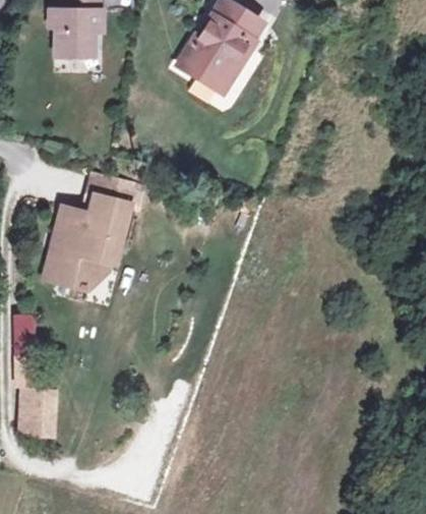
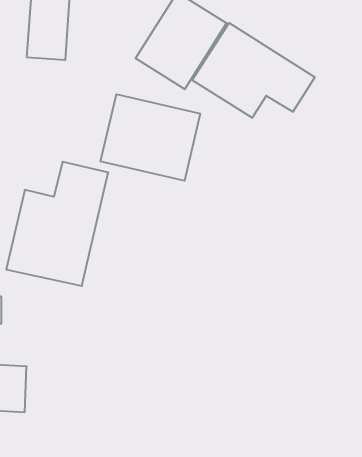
building: none -> [192,23,315,118]
building: none -> [101,94,200,181]

